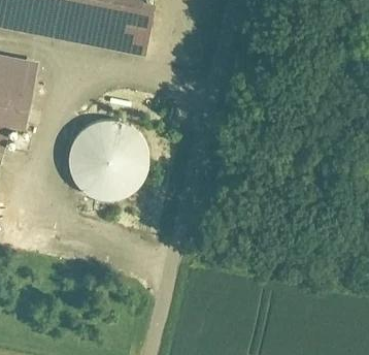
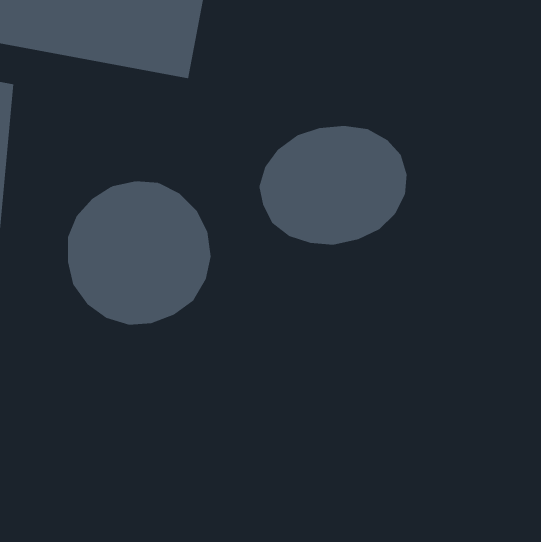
building: none -> [259,125,407,245]

